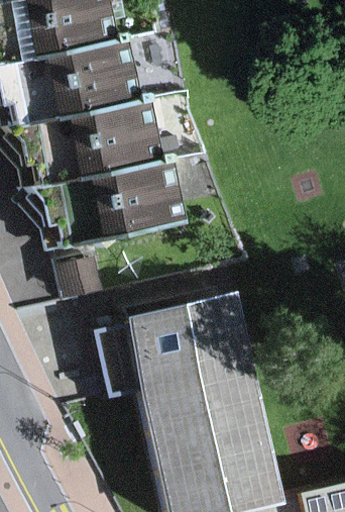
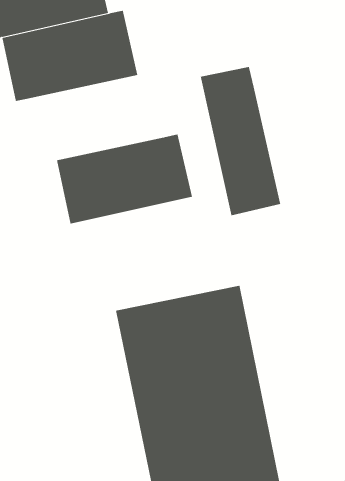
building: none -> [200,66,281,216]
building: [35,95,166,183] -> none

